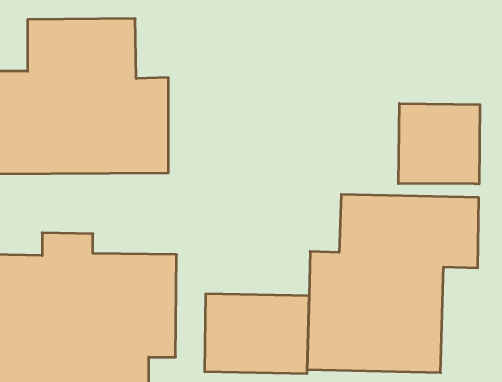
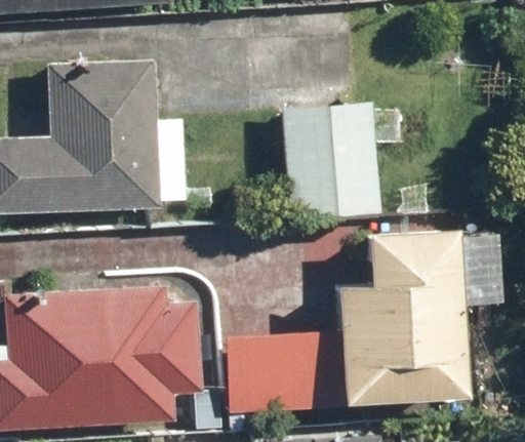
building: none -> [284,106,377,218]
building: [398,103,480,184] -> none

